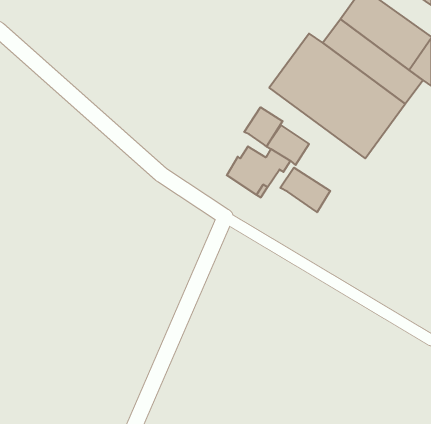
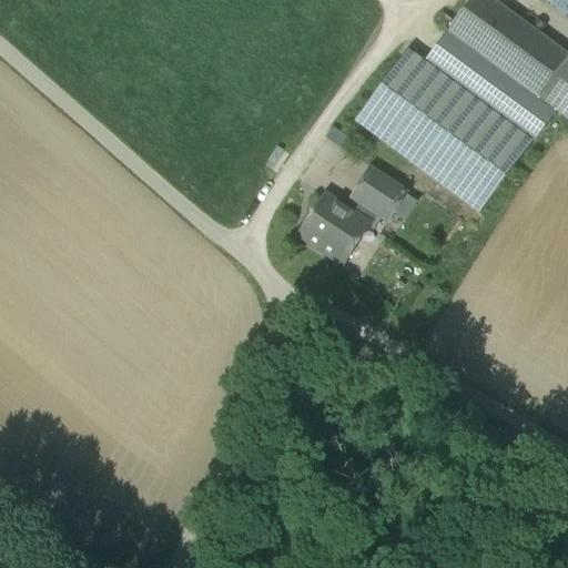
building: [244,107,283,147] -> none
building: [280,168,330,212] -> none

